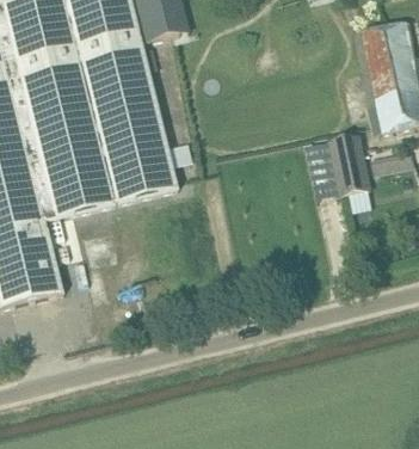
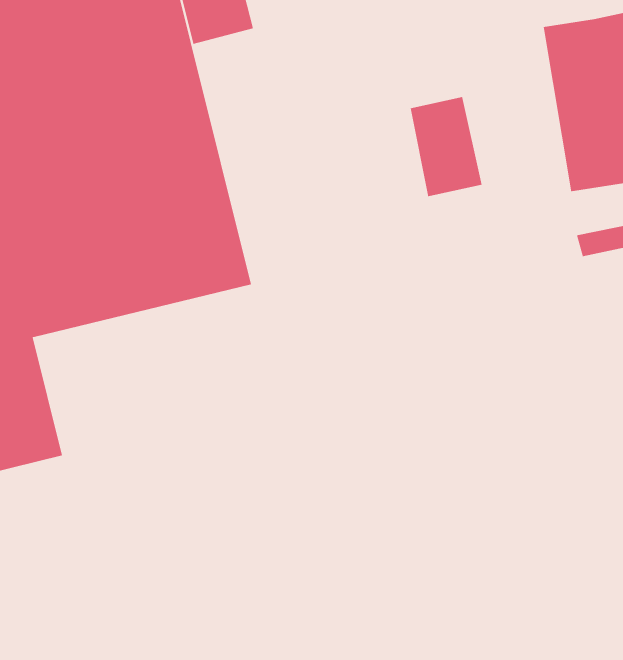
building: [327,134,371,195] -> [410,96,483,197]

